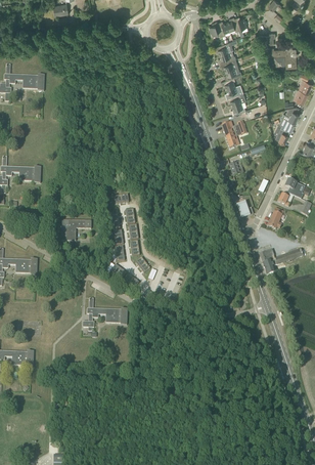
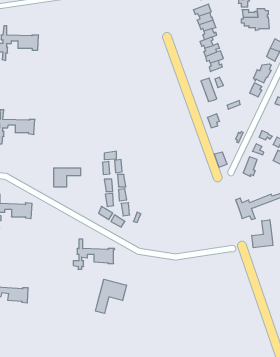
building: none -> [252,220,273,248]
building: none -> [95,279,127,313]

